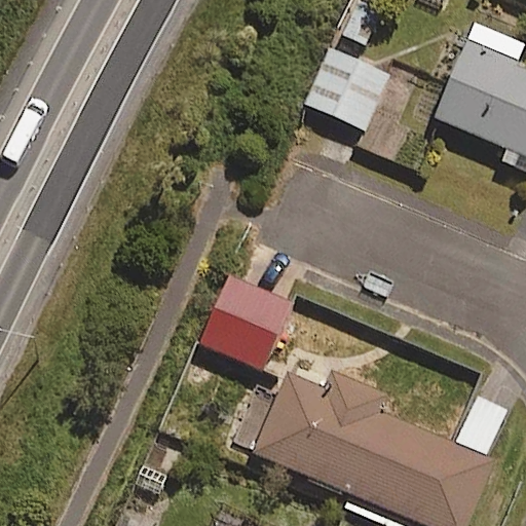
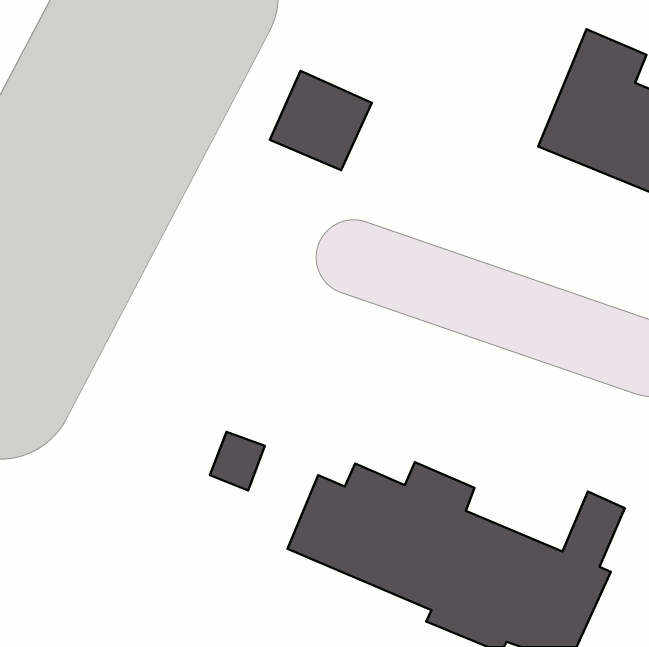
building: [306,47,388,127] -> [270,71,372,170]
building: [199,272,292,370] -> none

